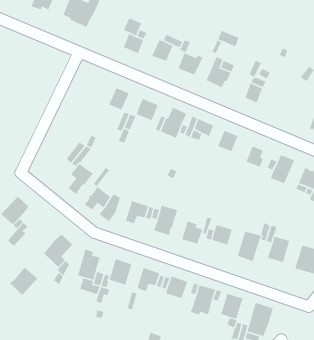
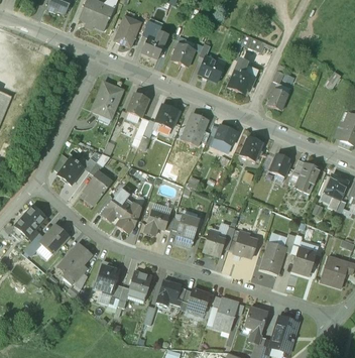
building: none -> [113,17,140,47]
building: none -> [91,82,122,123]
building: none -> [56,157,83,184]
building: [9,266,38,296] -> [38,224,69,254]

